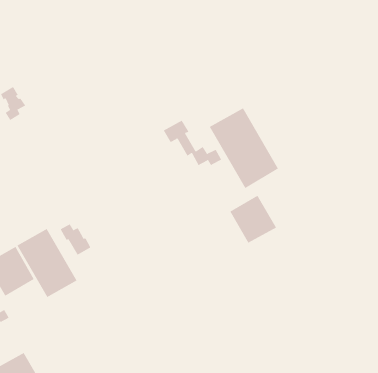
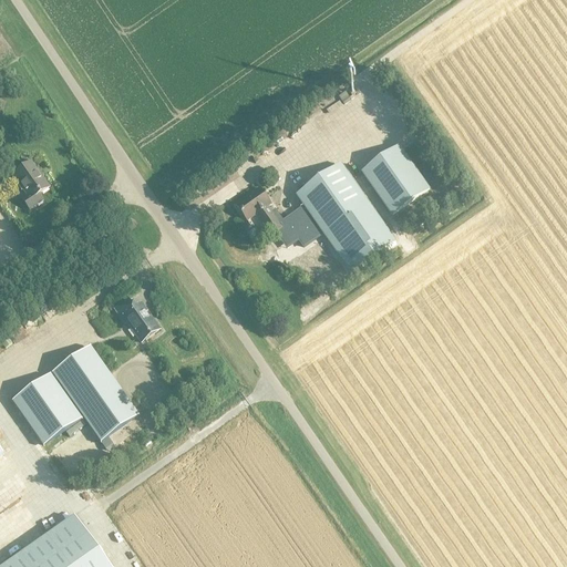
building: none -> [362,144,427,212]
building: [230,195,277,244] -> none
building: [60,224,91,256] -> [114,297,158,339]

